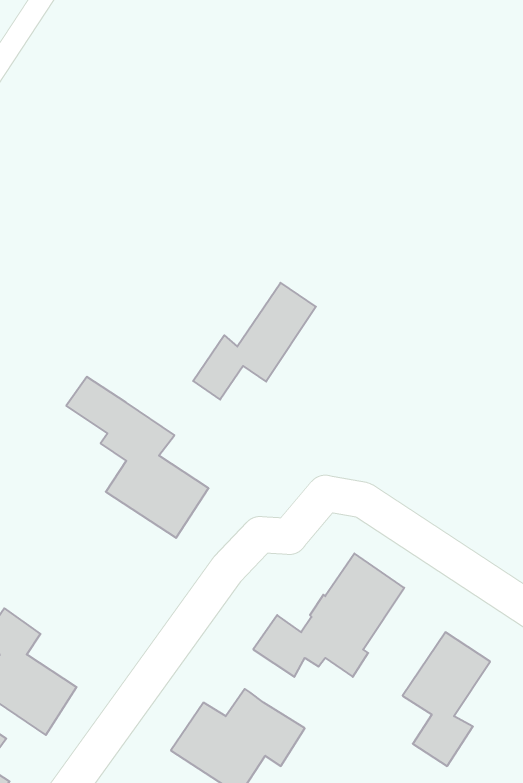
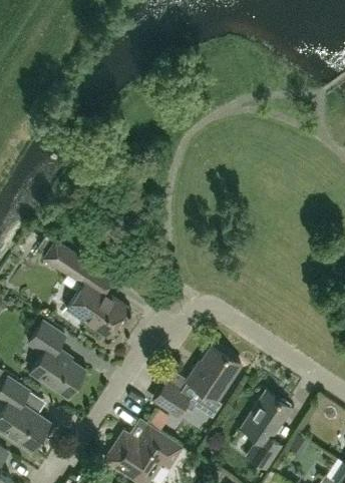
building: [193,283,316,400] -> none
building: none -> [29,322,85,398]

